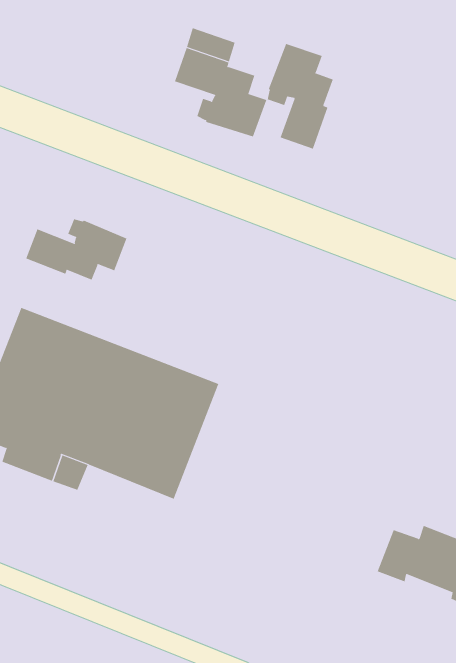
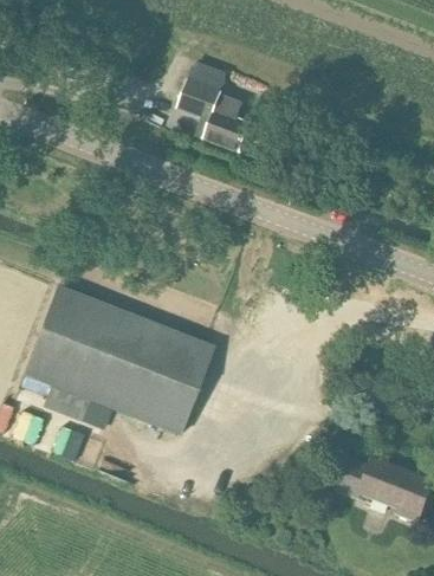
building: [267,43,333,150] -> none
building: [25,219,127,280] -> none

